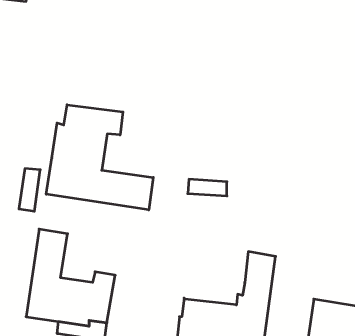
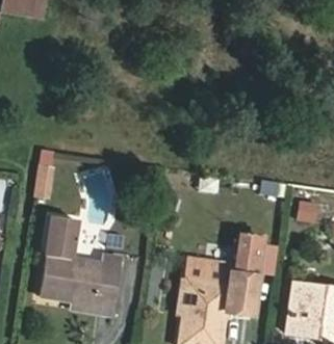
building: [46,105,153,210] -> none
building: none -> [182,258,234,284]

